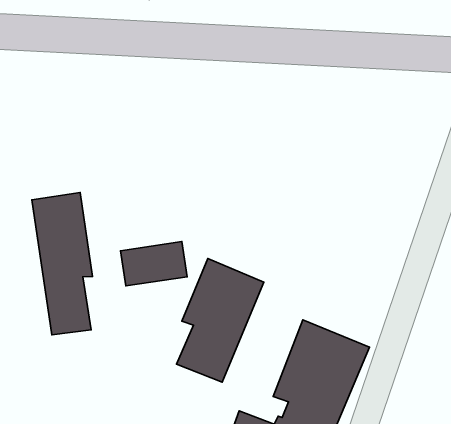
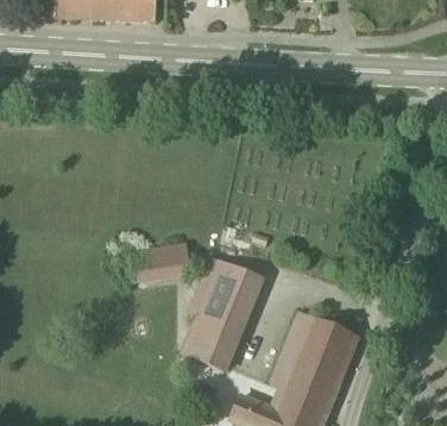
building: [32,192,93,335] -> none

